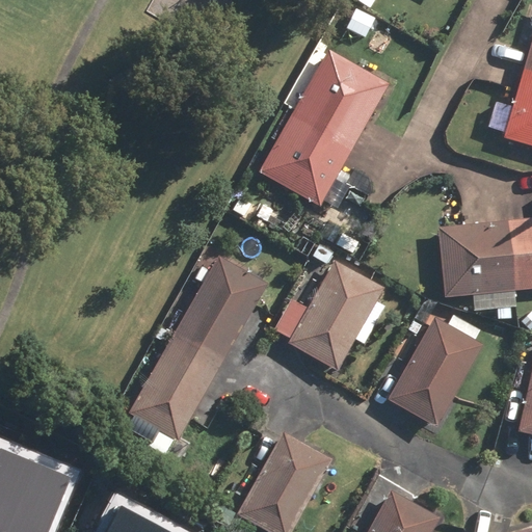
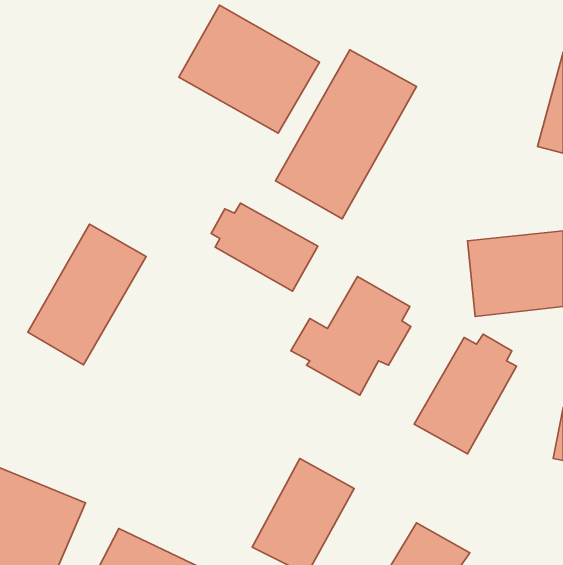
building: none -> [179,5,319,133]
building: none -> [211,203,318,291]
building: none -> [28,224,146,365]
building: [128,256,268,442] -> none

